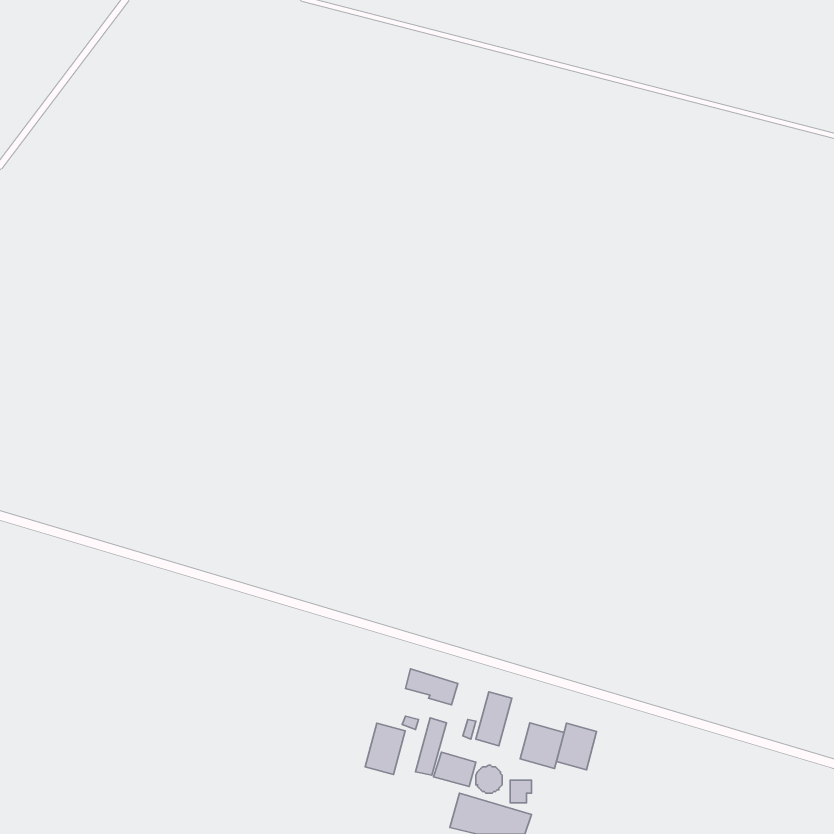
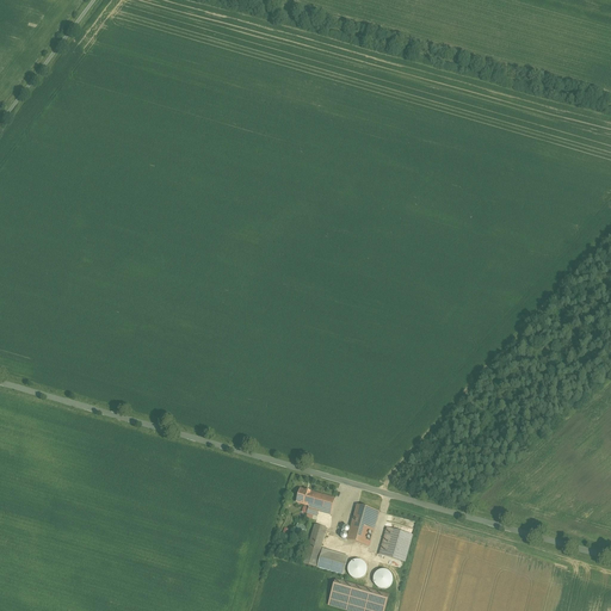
building: [365,723,405,775] -> none
building: [557,723,597,770] -> none

